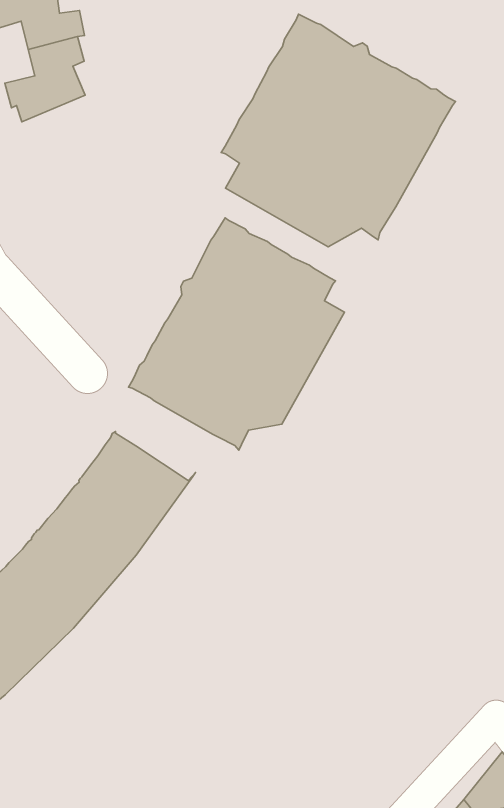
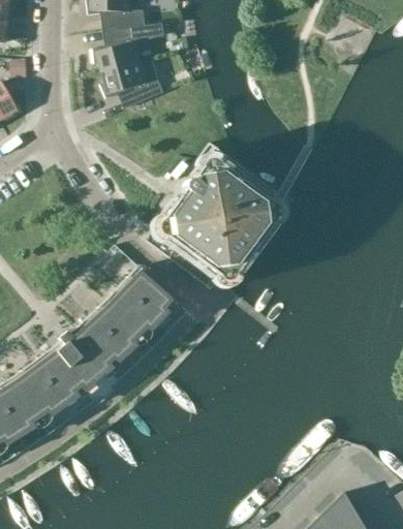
building: [221,14,455,247] -> none
building: none -> [101,62,164,108]

